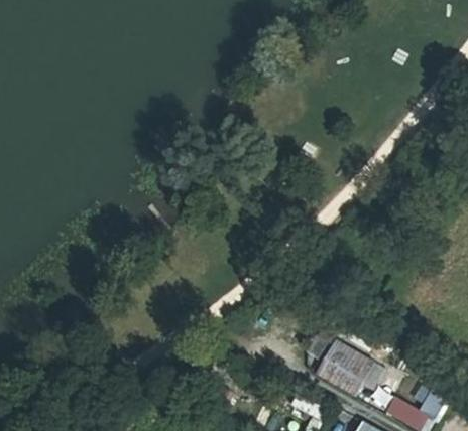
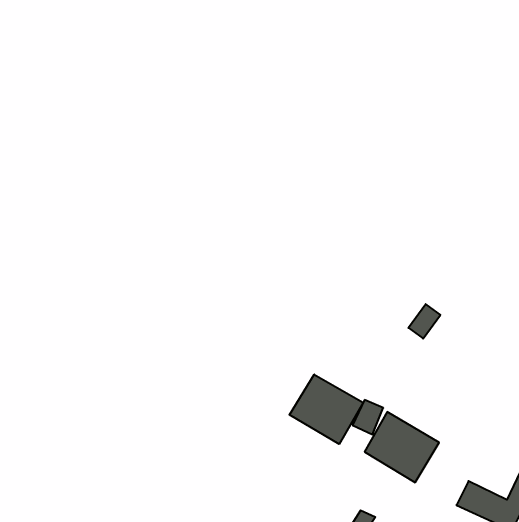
building: none -> [289,374,363,444]

